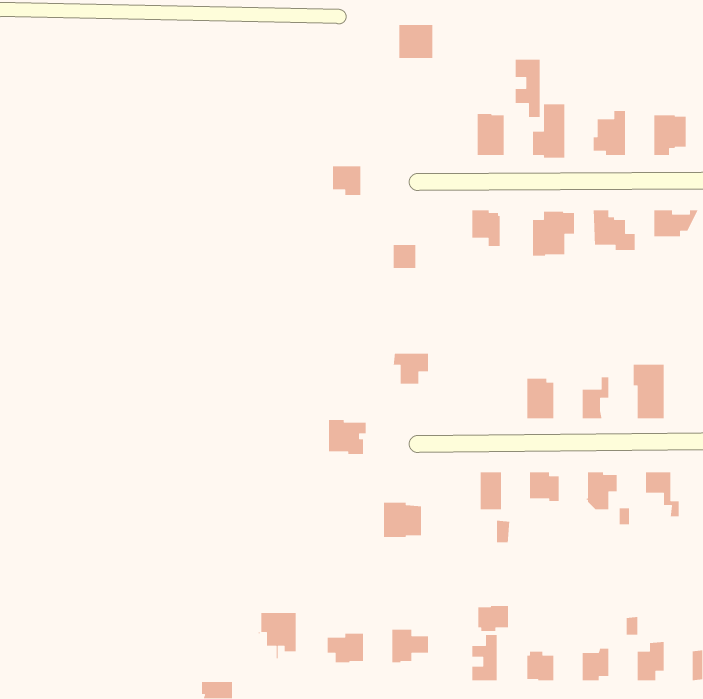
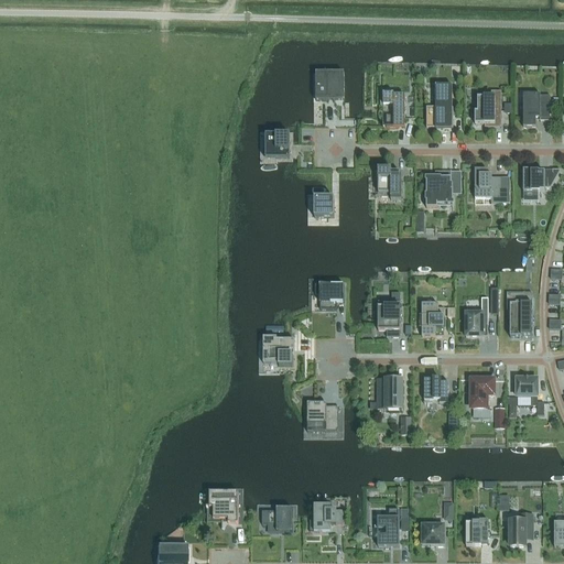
building: [399,24,433,59] -> [315,70,343,98]
building: [515,59,540,118] -> none
building: none -> [377,291,399,335]
building: [478,605,509,632] -> none

